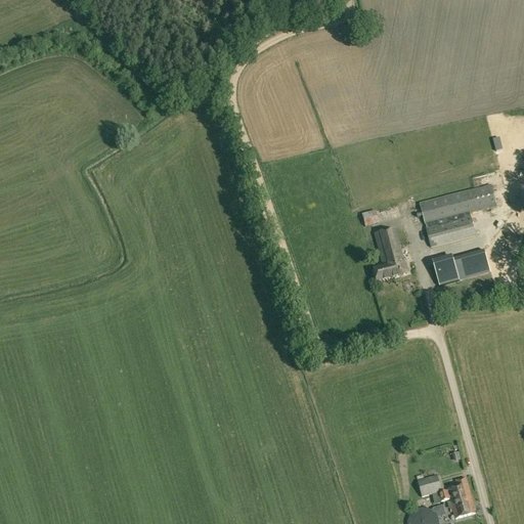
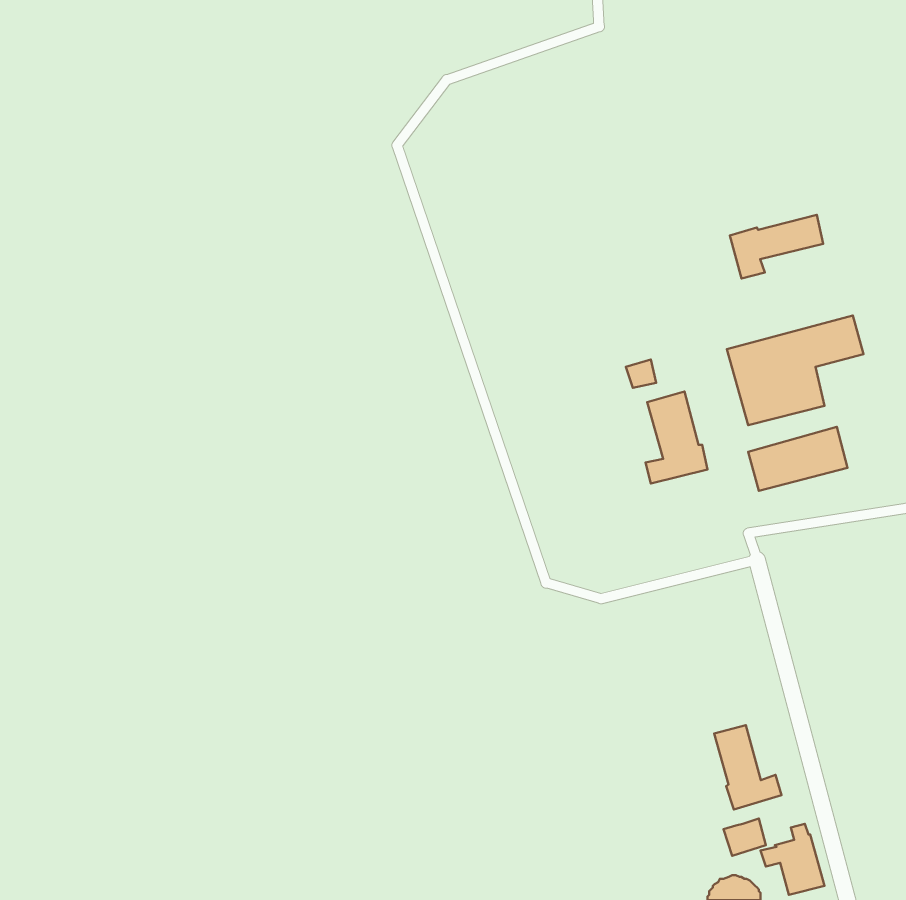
building: none -> [730,215,823,279]
building: none -> [714,725,781,810]

